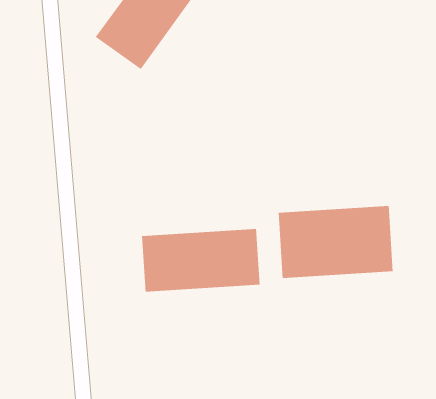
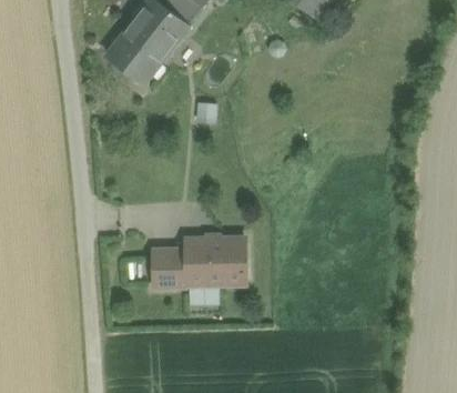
building: [278,205,393,279] -> none

